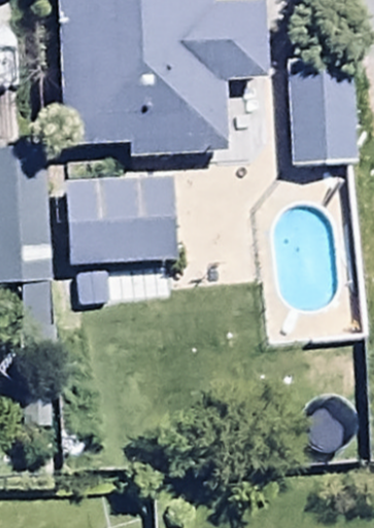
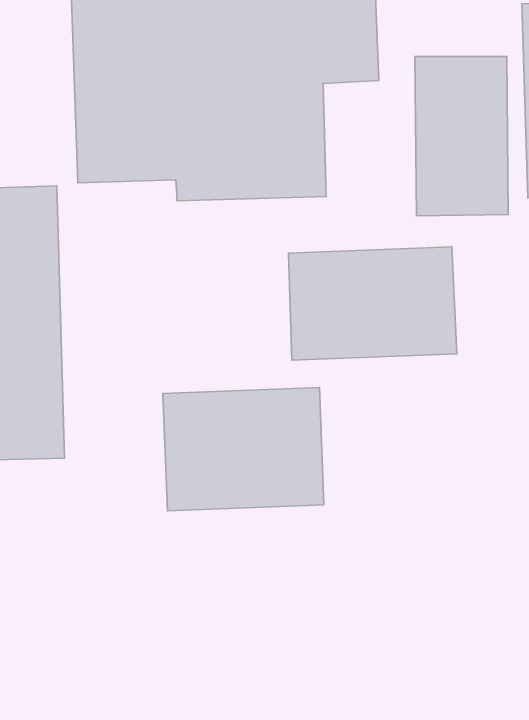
building: [68,178,178,263] -> [163,388,324,511]
building: none -> [289,247,457,360]

